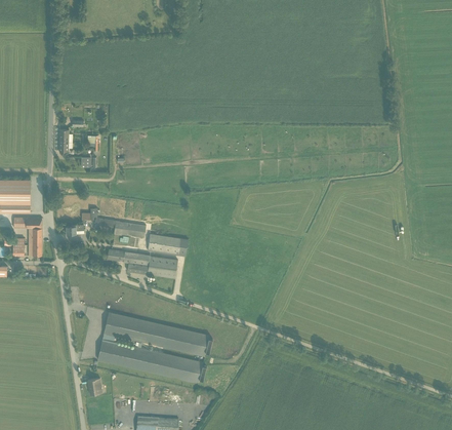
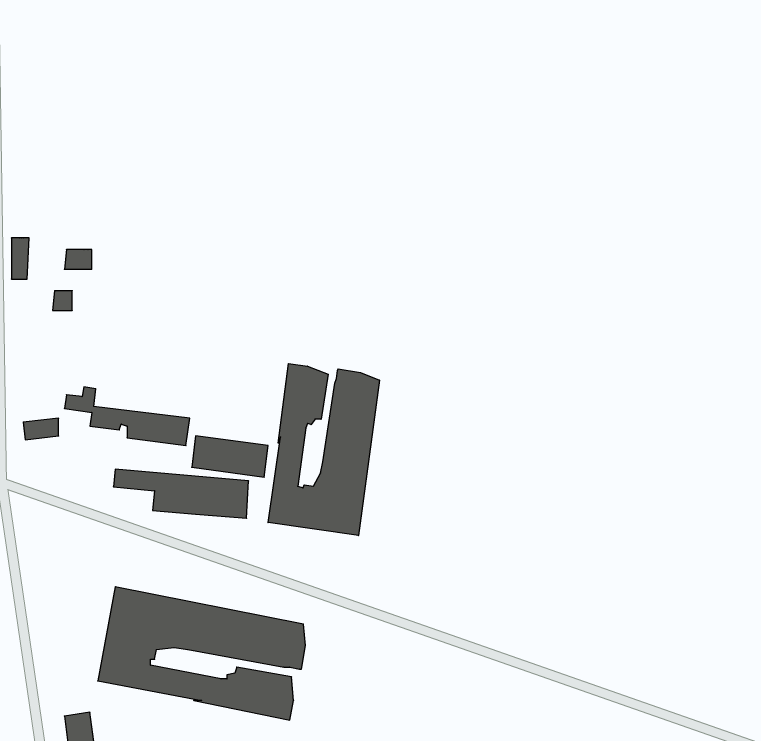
building: none -> [268,364,379,536]

